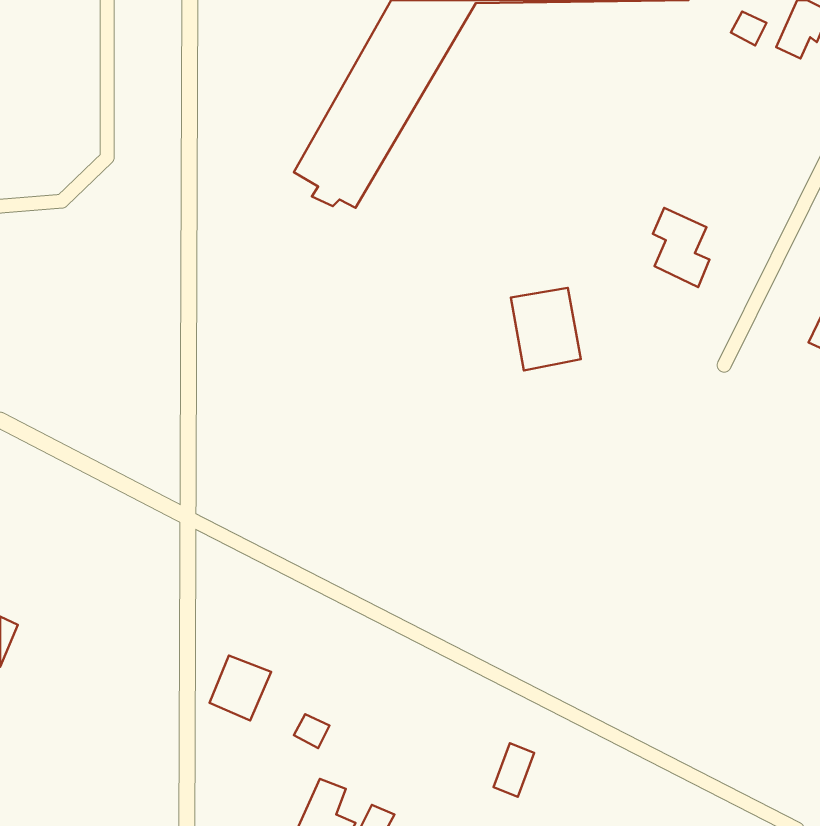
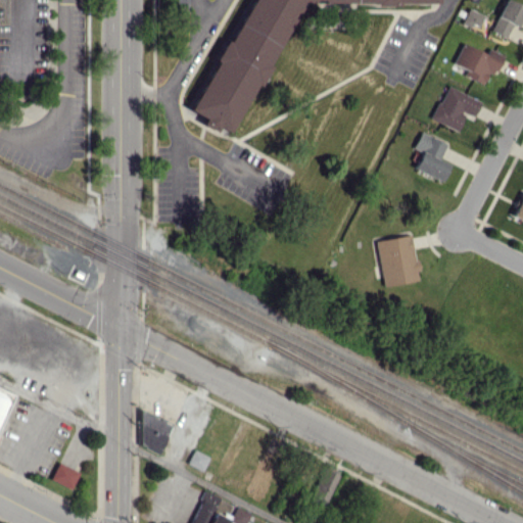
building: none -> [457,45,507,86]
building: none -> [435,88,483,132]
building: [511,288,581,371] -> [379,236,423,288]
building: none -> [55,464,83,490]

